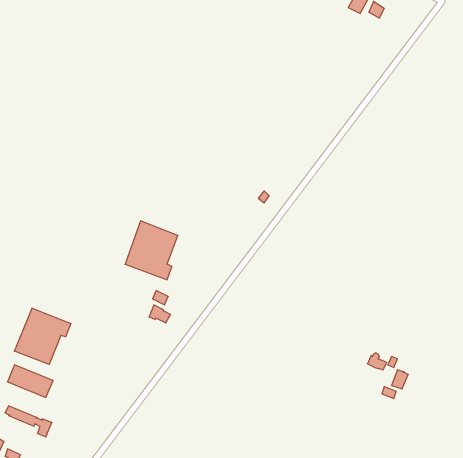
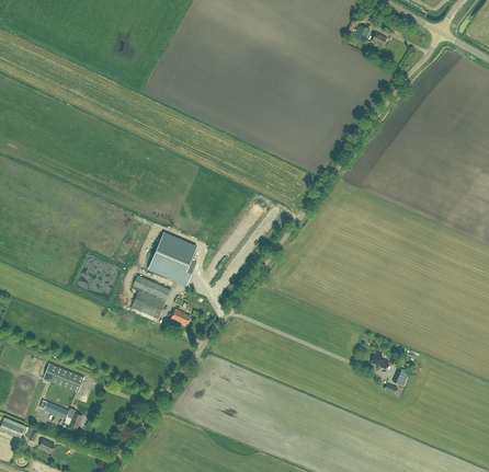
building: none -> [132,275,171,318]
building: [14,308,71,364] -> none

